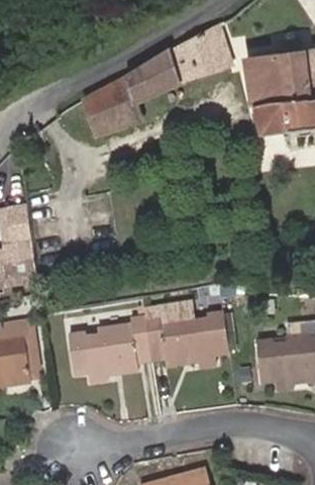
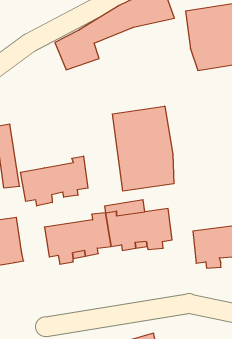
building: none -> [113,106,174,191]
building: none -> [20,156,88,206]

